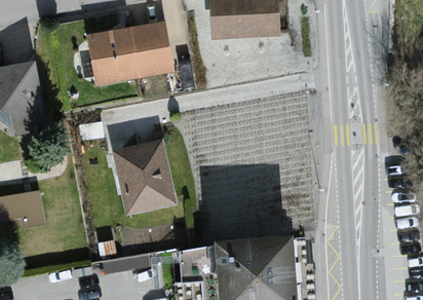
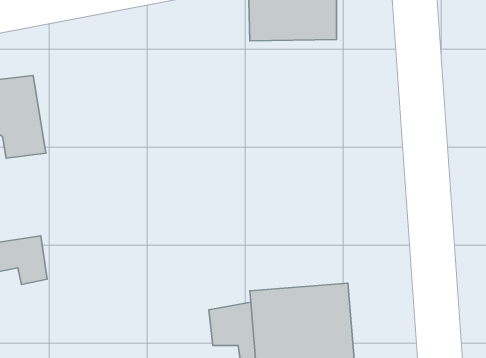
building: [87,22,170,84] -> none
building: [118,148,181,224] -> none

